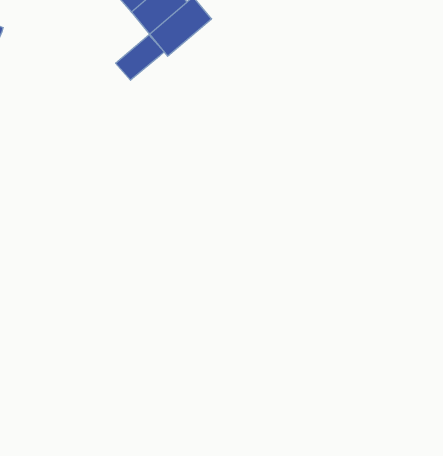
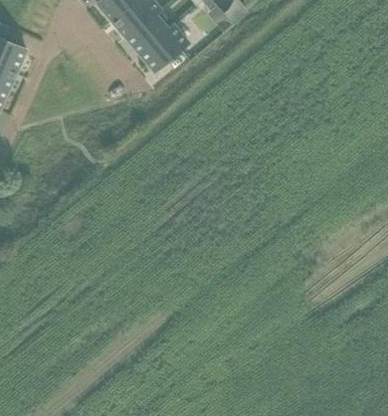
building: [116,35,164,80] -> none

